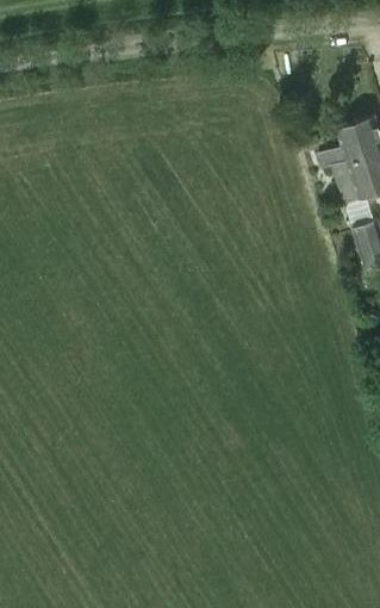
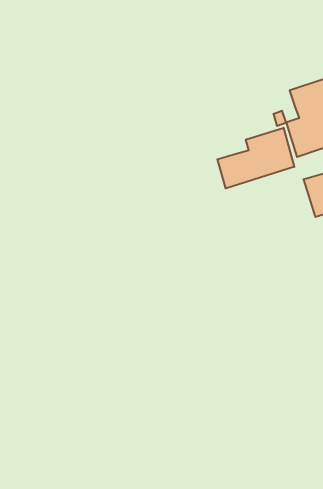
building: none -> [217,128,294,188]

